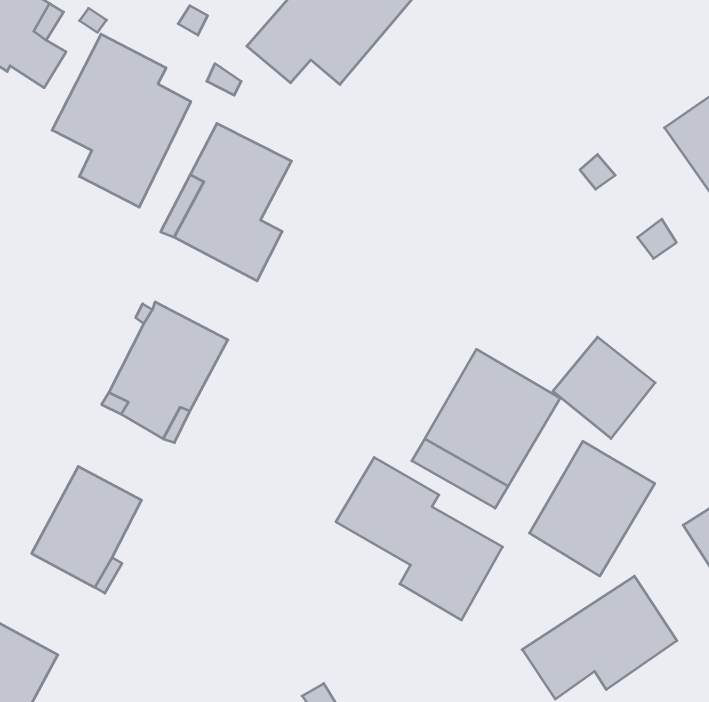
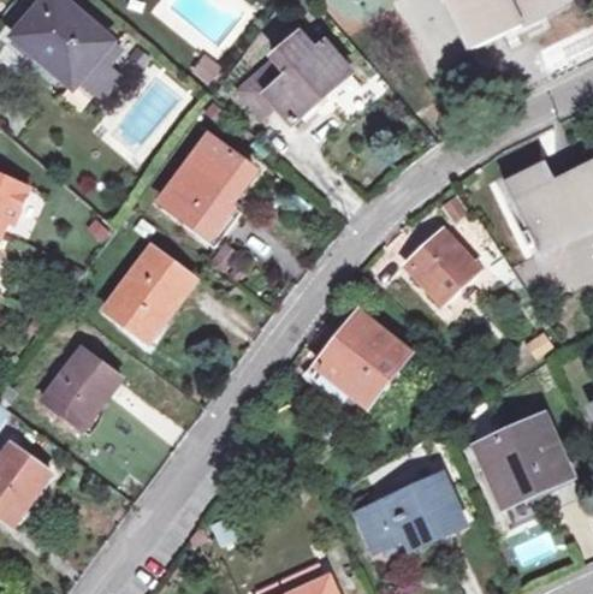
building: [52,34,191,207] -> none
building: [553,337,655,439] -> [407,232,475,301]
building: [529,441,655,576] -> none
building: [336,457,503,620] -> none

